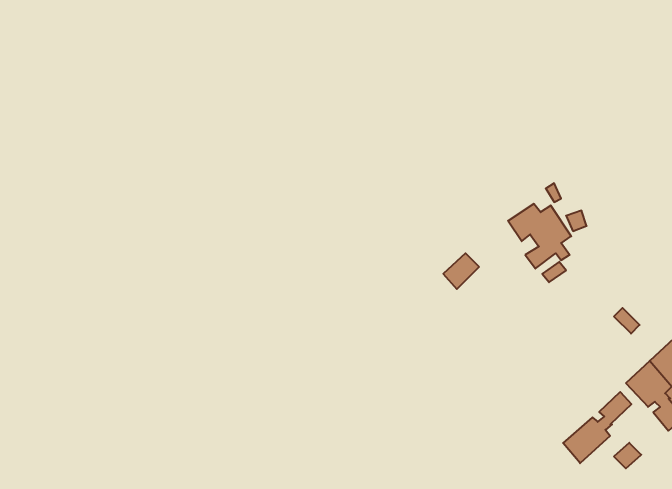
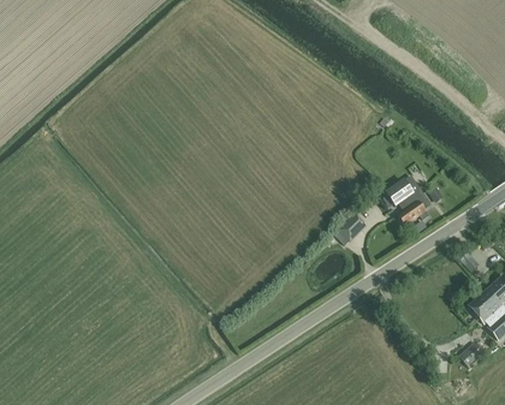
building: [563,392,631,463] -> none

